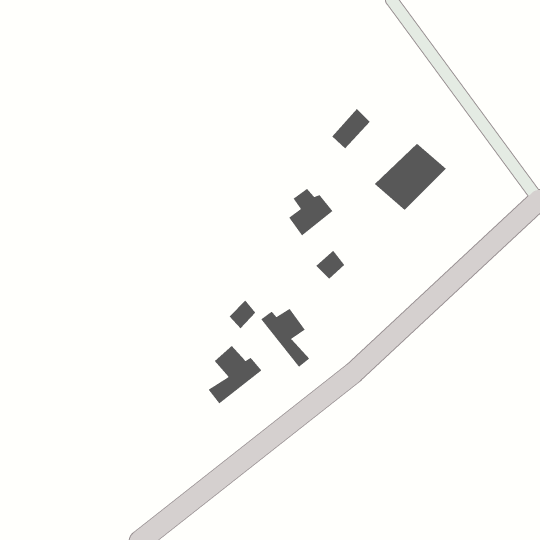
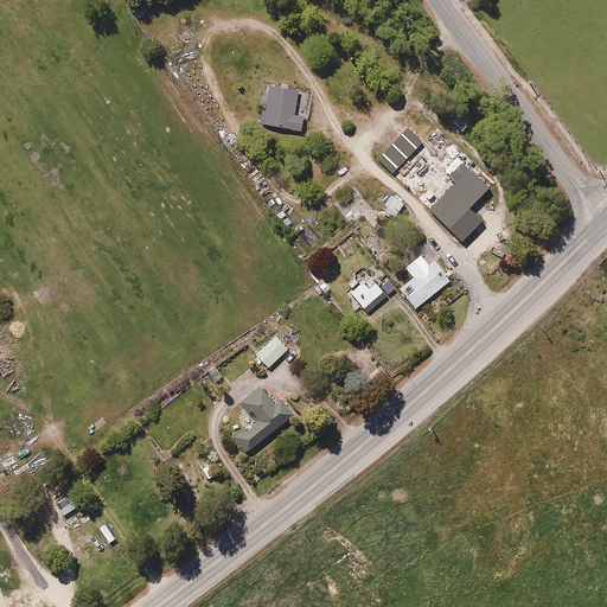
building: none -> [255,83,302,129]
building: [288,188,334,237] -> [401,256,452,311]
building: [260,308,310,368] -> none

